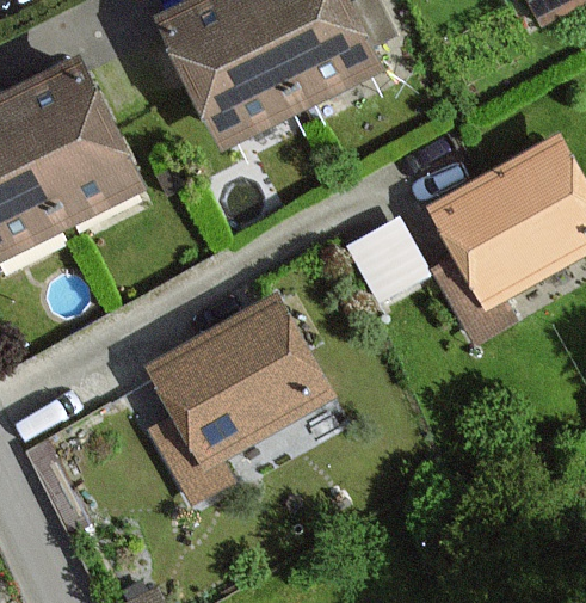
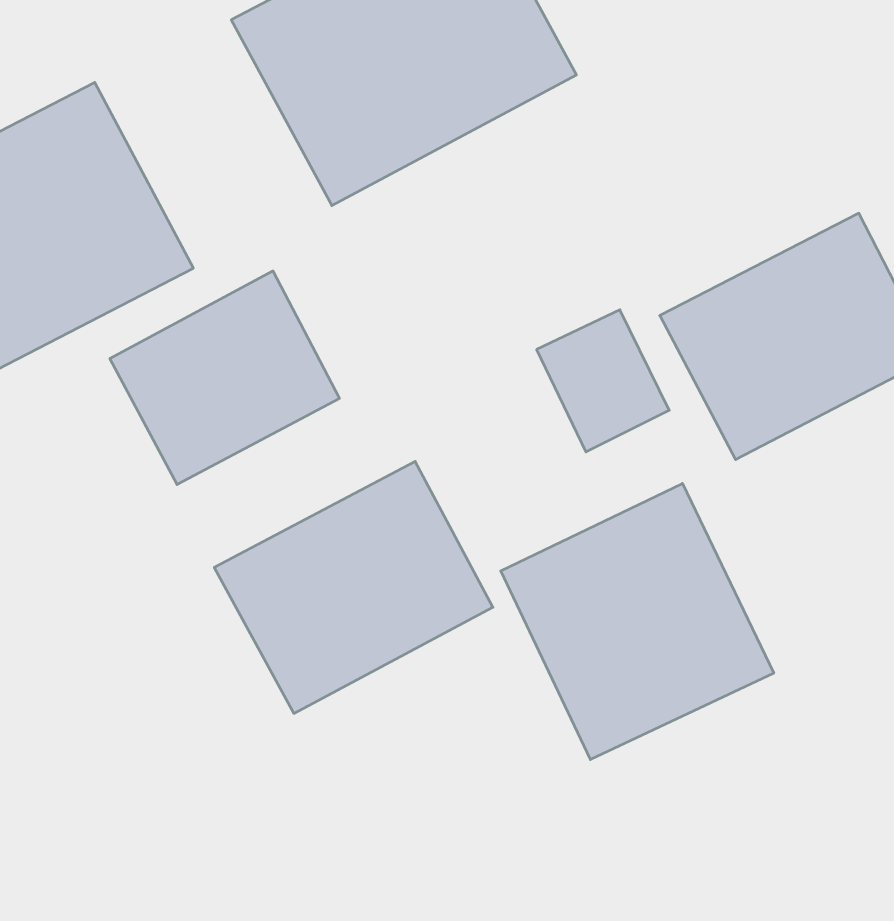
building: none -> [110,271,339,485]
building: none -> [501,483,774,760]

